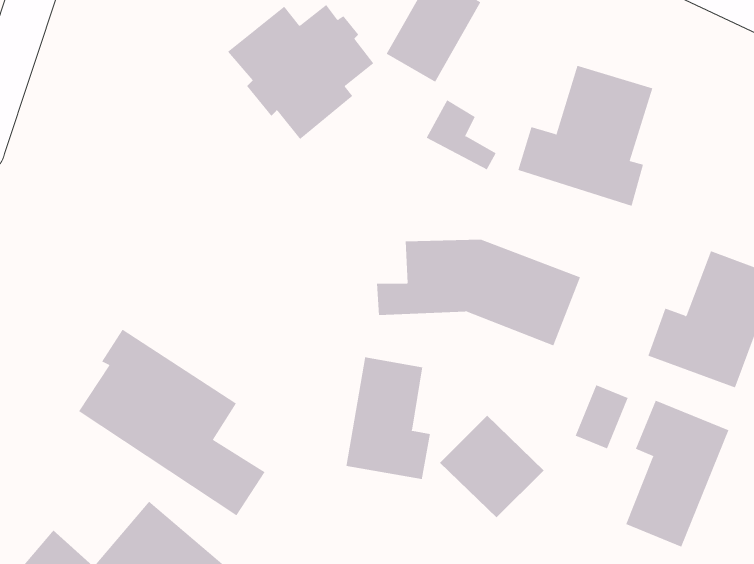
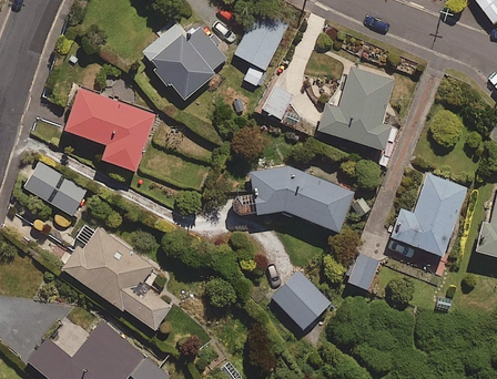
building: none -> [69,92,161,180]
building: none -> [20,158,87,215]
building: [346,357,431,480] -> none
building: [625,400,729,548] -> none

